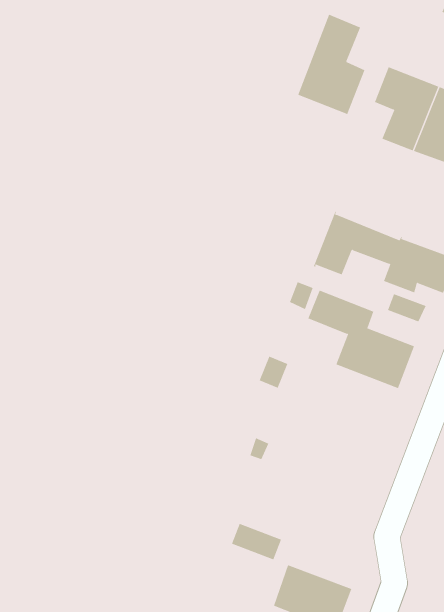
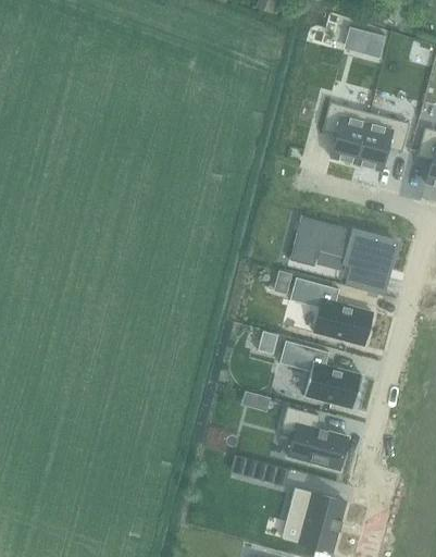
building: [298,14,365,115] -> none
building: none -> [278,339,361,408]
building: none -> [281,406,347,470]

